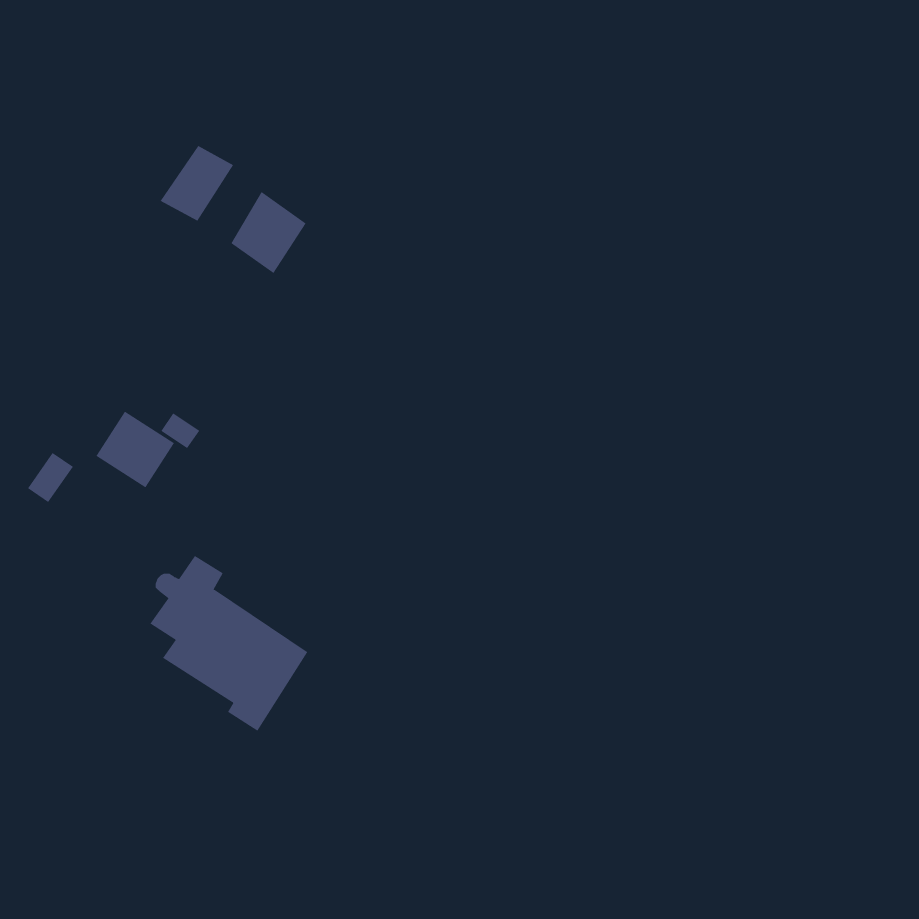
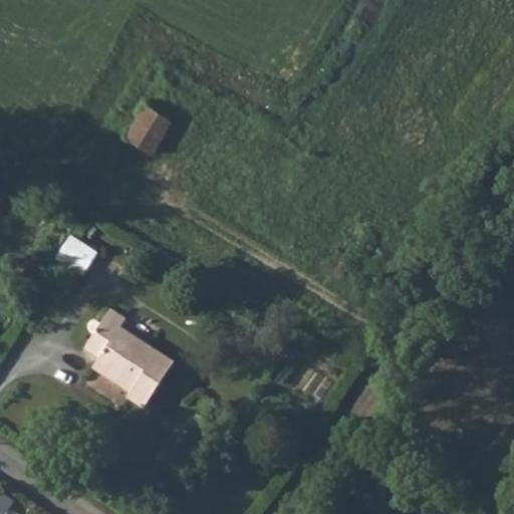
building: [160,145,234,221] -> none

